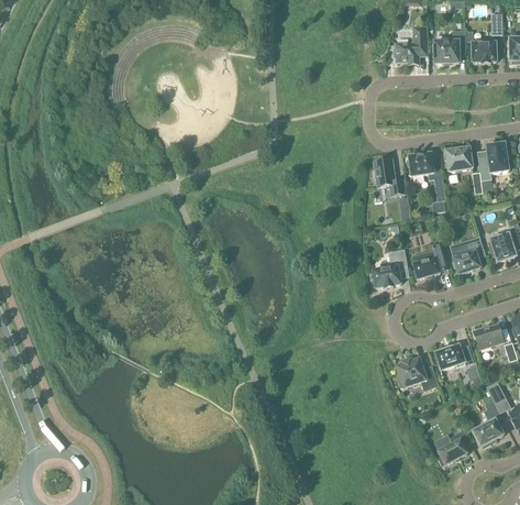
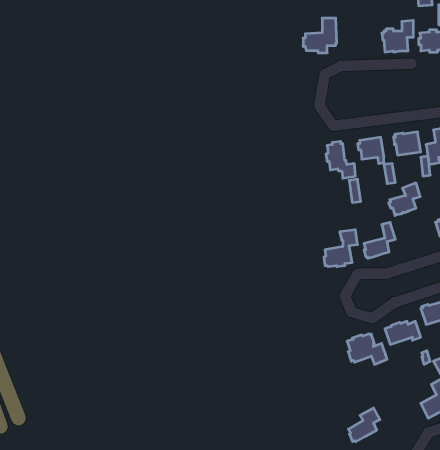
building: [394,26,429,63] -> [303,18,337,53]
building: [452,240,485,274] -> [389,183,420,216]
building: [438,429,471,464] -> [348,408,380,442]

